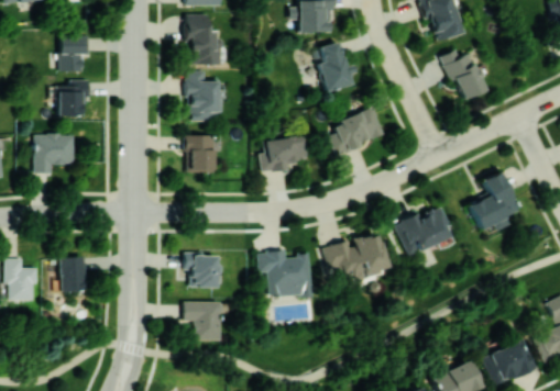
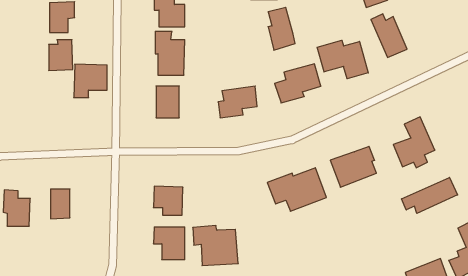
building: none -> [317,40,368,79]
building: [36,134,76,174] -> [74,64,107,98]
building: none -> [402,177,458,213]
building: [259,250,312,298] -> [193,226,238,266]

